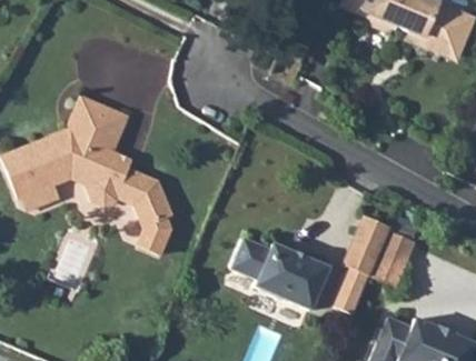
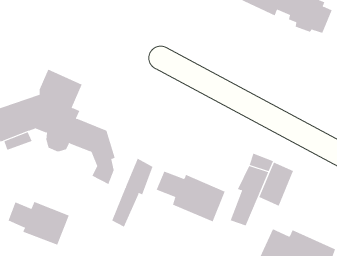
building: none -> [111,158,153,227]
building: none -> [8,201,70,245]

